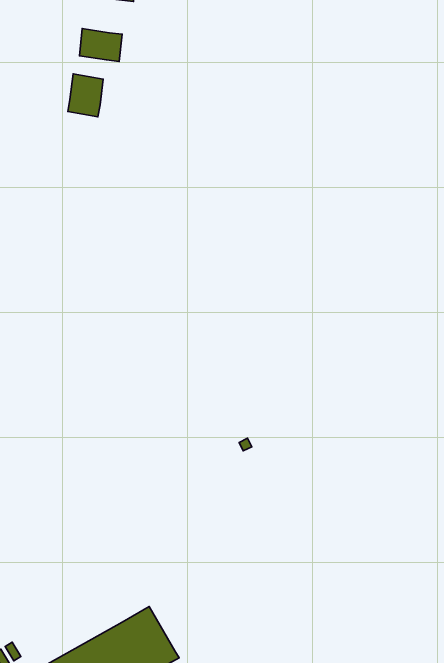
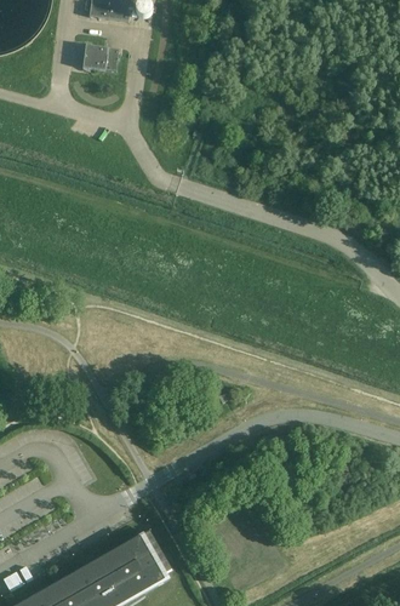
building: [68,74,103,117] -> none

